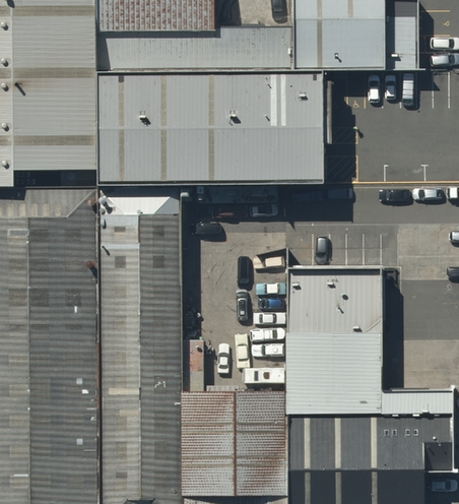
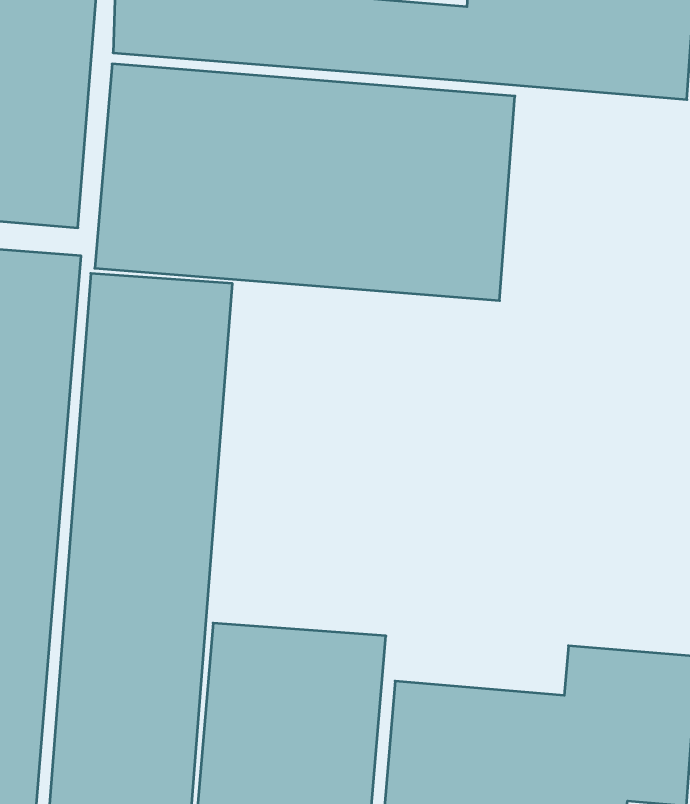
building: [285,261,375,400] -> none

